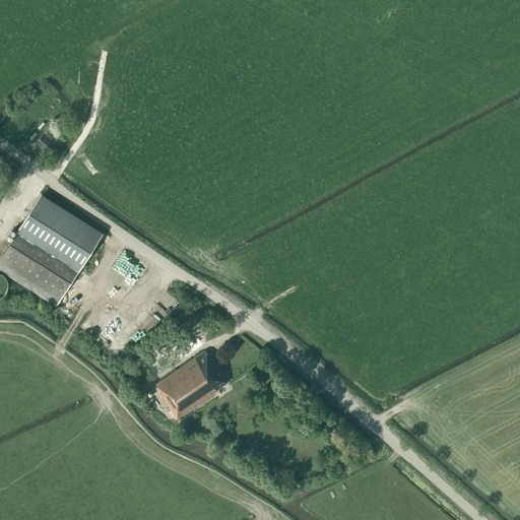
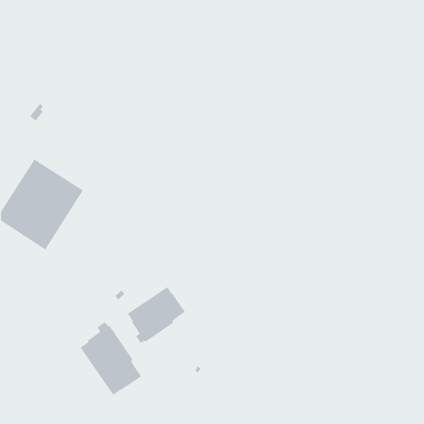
building: none -> [80,322,142,396]

